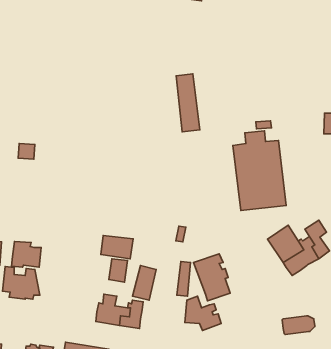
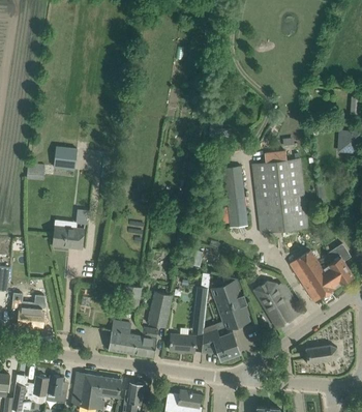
building: [176,74,200,132] -> [223,167,248,228]
building: none -> [54,147,77,171]
building: [101,236,133,259] -> none
building: [12,242,41,267] -> [53,220,84,247]
building: none -> [252,281,296,328]
building: none -> [170,334,195,353]

